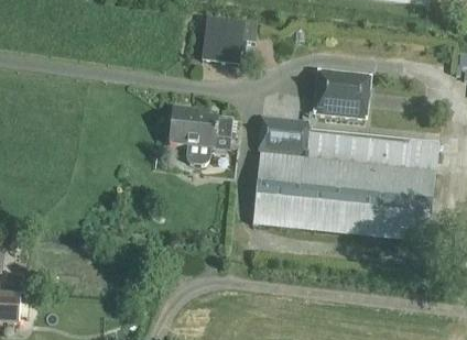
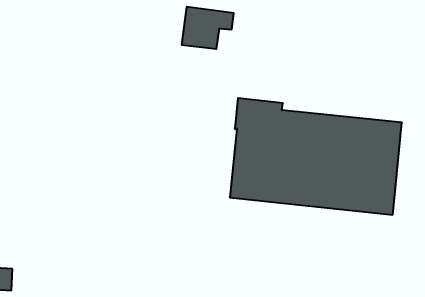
building: [313,68,370,118] -> none
building: [169,106,231,164] -> none

